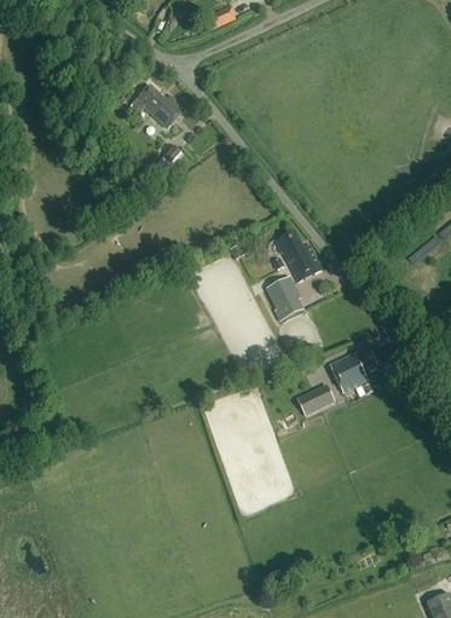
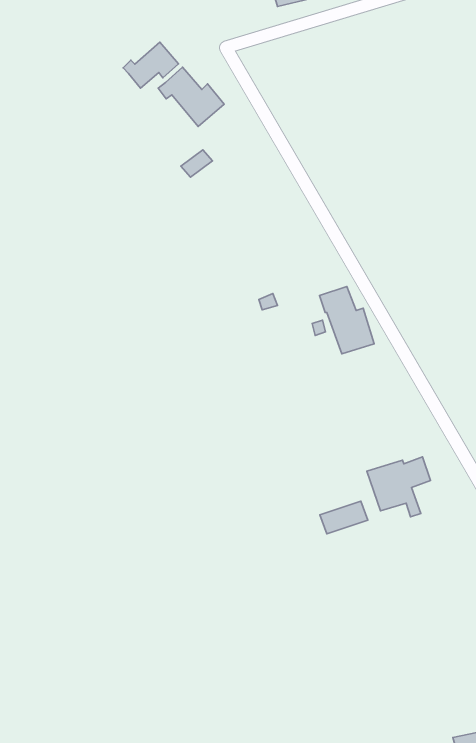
building: none -> [123,42,178,88]
building: [266,278,302,320] -> none

